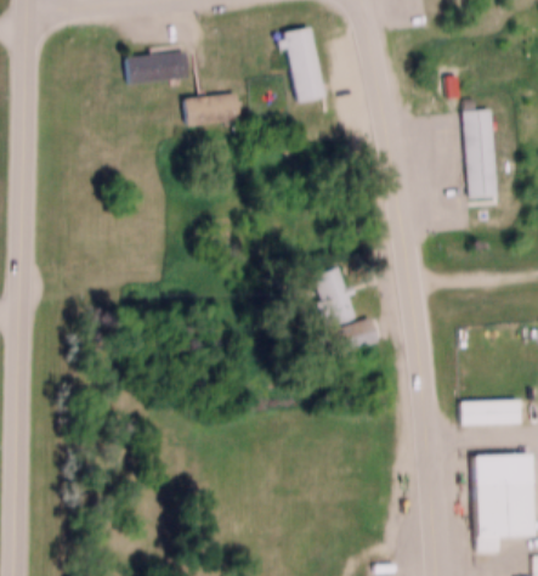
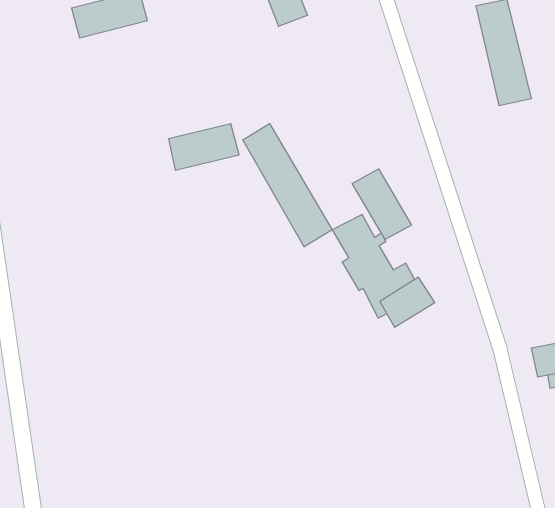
building: [187,94,243,124] -> [168,124,239,170]
building: none -> [243,124,332,247]
building: none -> [352,169,412,240]

